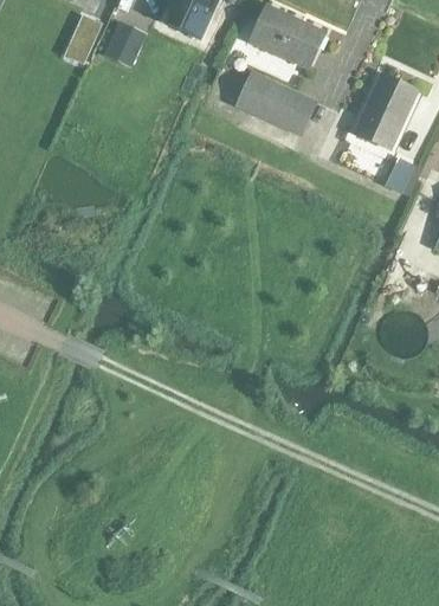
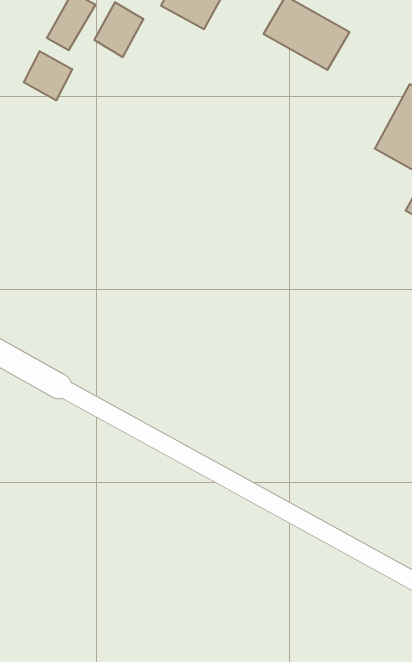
building: none -> [24,51,72,100]
building: [237,70,317,133] -> none

